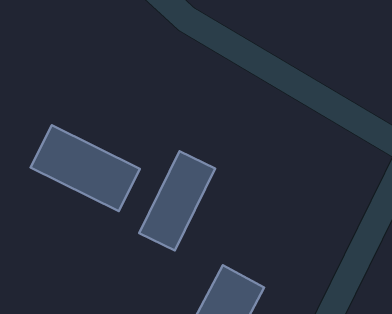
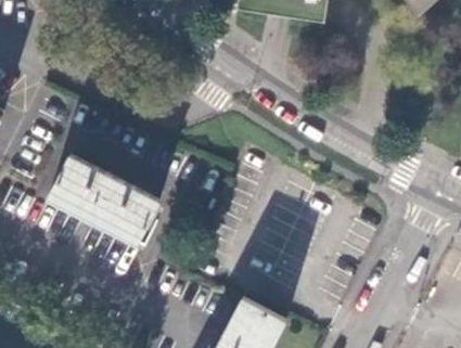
building: [139,151,215,251] -> none

